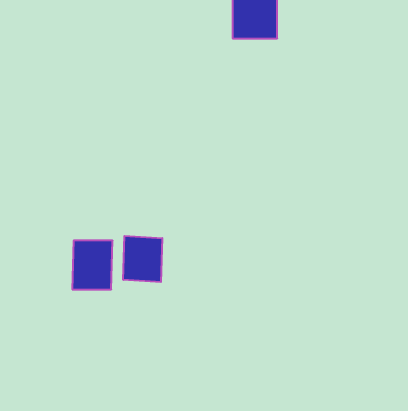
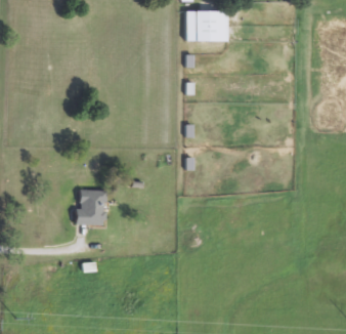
building: [123,236,162,282] -> none

